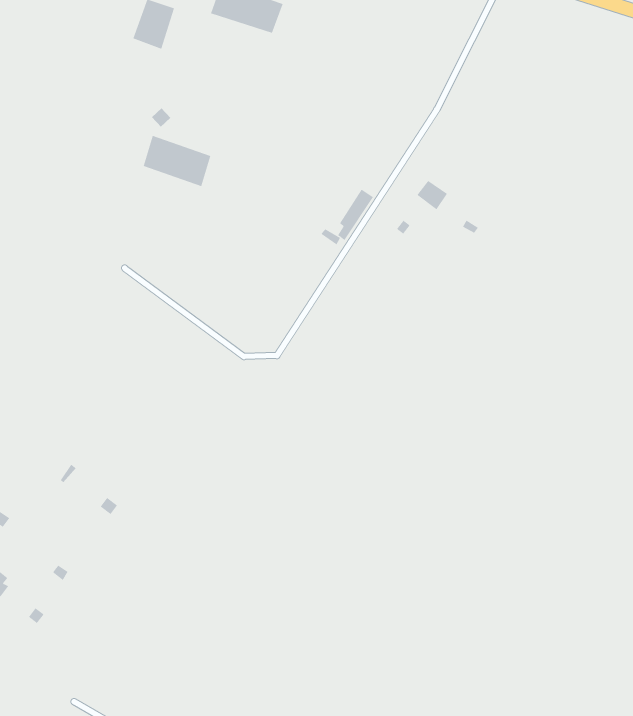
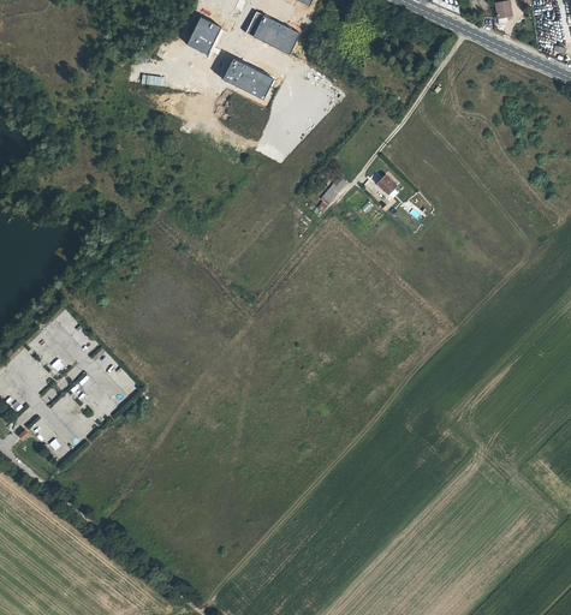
building: [143,135,211,187] -> [222,58,273,100]

